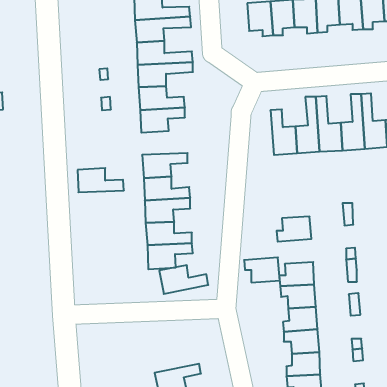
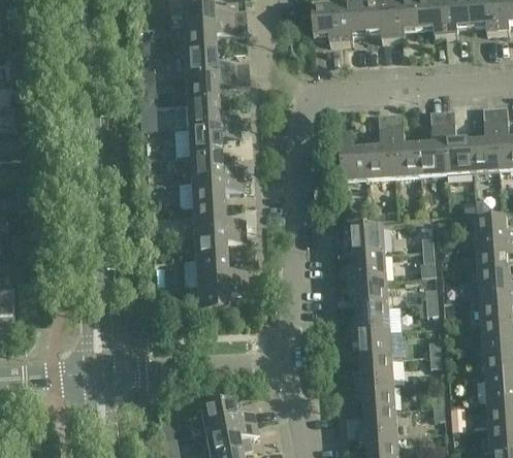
building: [78,168,124,192] -> [189,152,243,179]
building: none -> [343,224,384,253]
building: [244,257,280,282] -> [347,276,388,305]
building: [159,265,208,294] -> [199,398,256,431]

